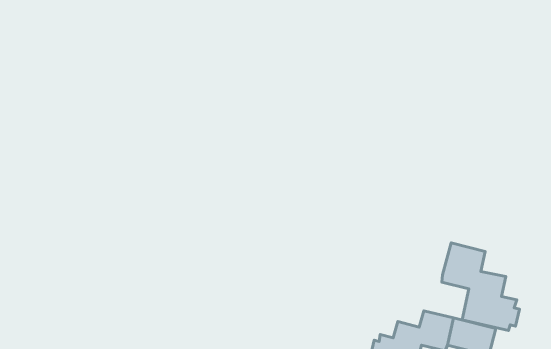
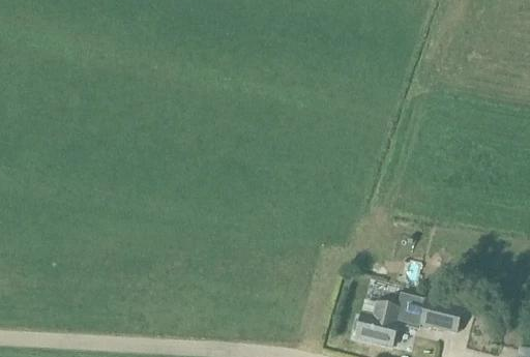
building: [442,243,519,330] -> none

